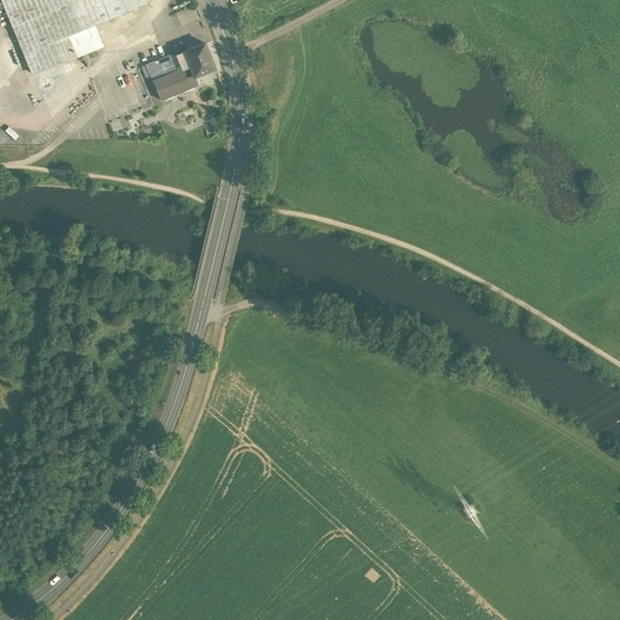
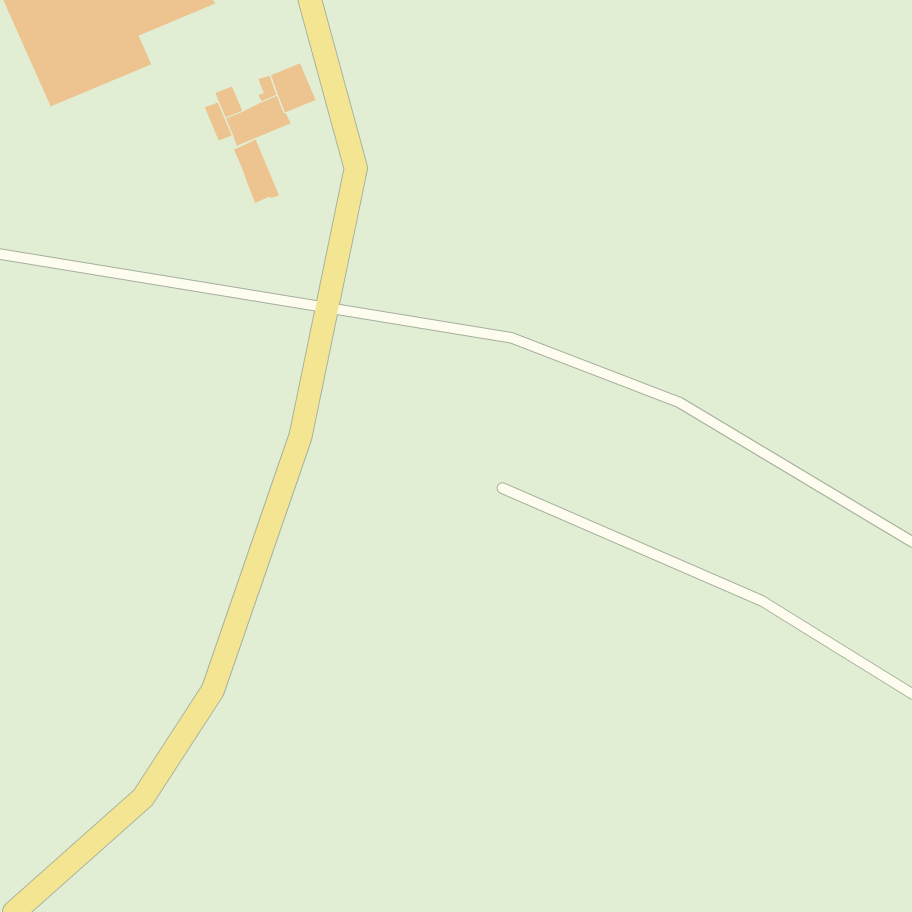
building: none -> [233,138,280,204]

